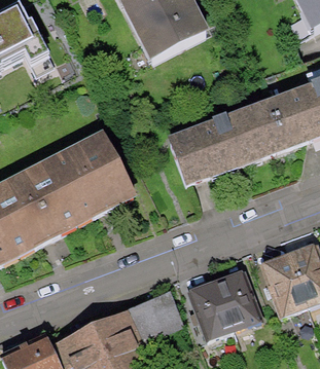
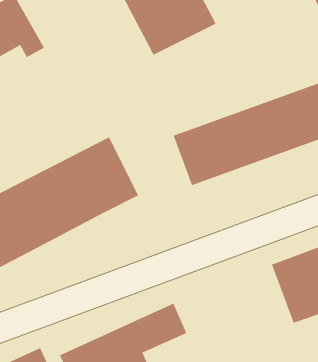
building: [181,258,263,339] -> none

